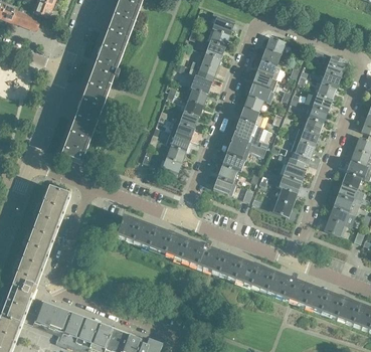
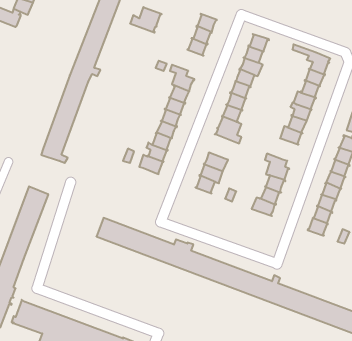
building: [191,49,222,74] -> [130,7,162,33]
building: [227,134,257,158] -> none
building: [285,138,316,160] -> none

